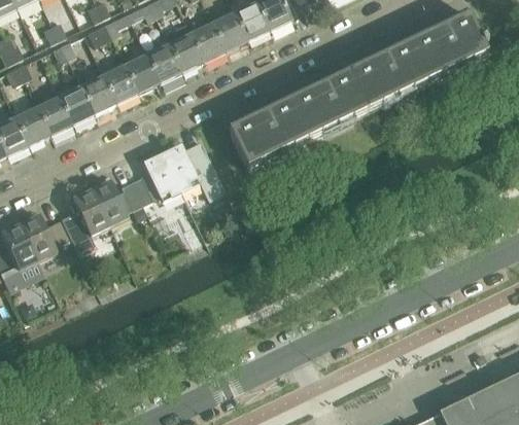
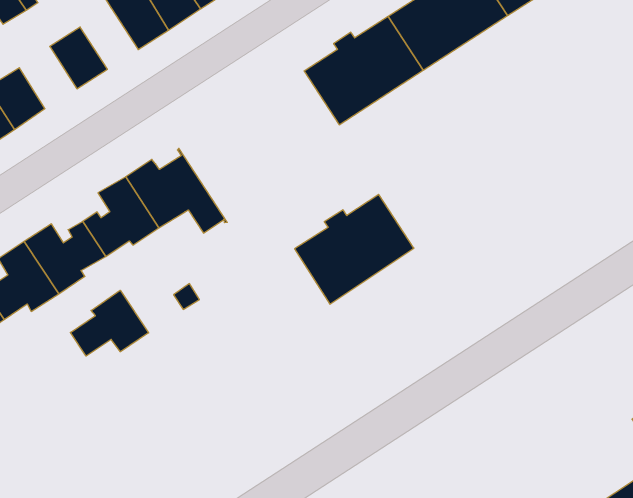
building: [145,43,181,83] -> none
building: [102,64,138,104] -> none
building: [229,101,307,169] -> [295,194,414,304]
building: none -> [70,290,149,356]

